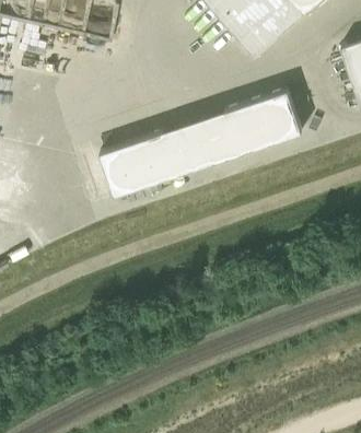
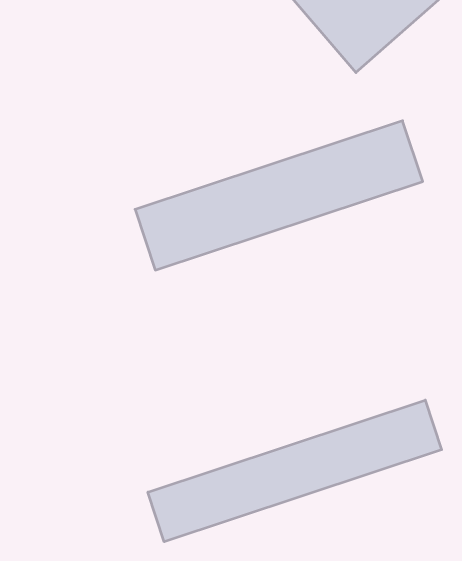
building: none -> [148,400,442,542]

